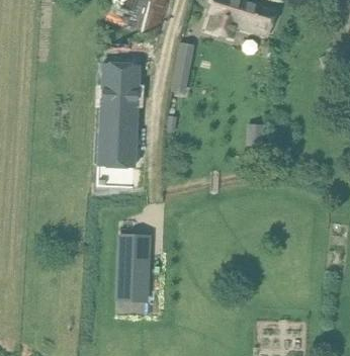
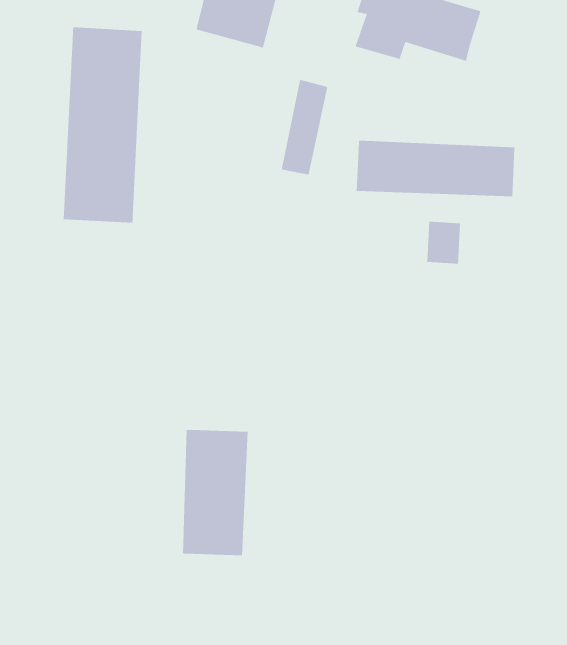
building: [97,61,140,166] -> [63,27,143,224]
building: none -> [356,140,515,197]

